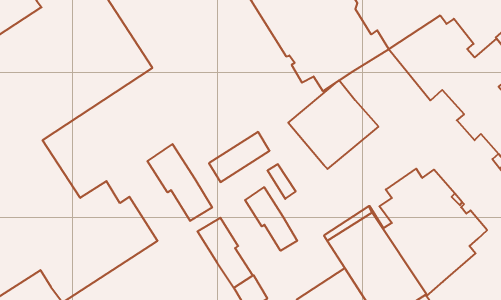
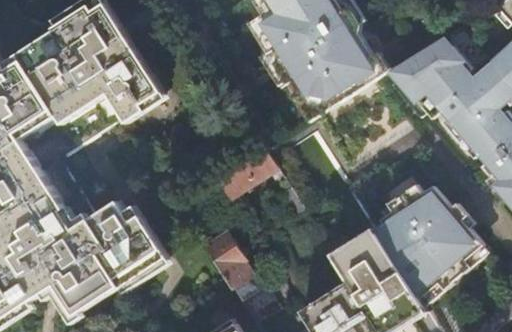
building: [288,80,378,169] -> none
building: [147,144,212,221] -> none
building: [245,187,297,251] -> none

